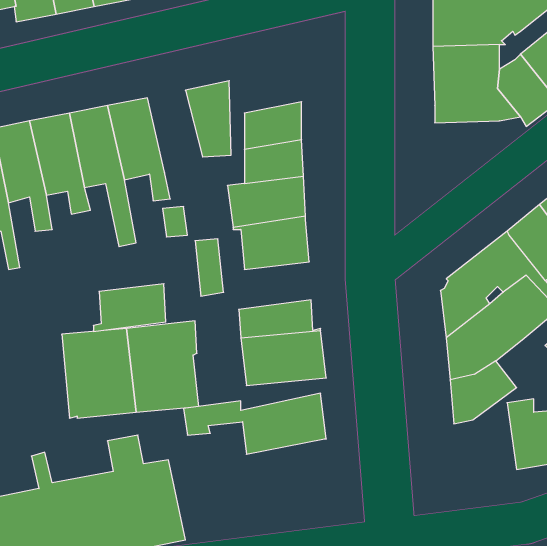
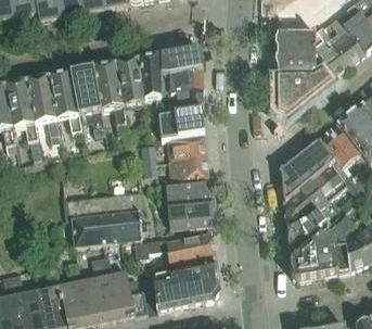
building: none -> [169,47,202,72]
building: none -> [114,59,145,105]
building: none -> [278,74,330,115]
building: [93,284,166,331] -> [166,156,207,184]
building: none -> [290,237,324,280]
building: none -> [154,262,219,311]

